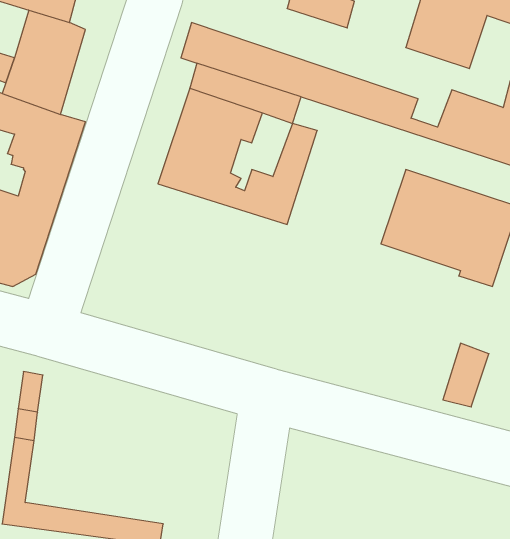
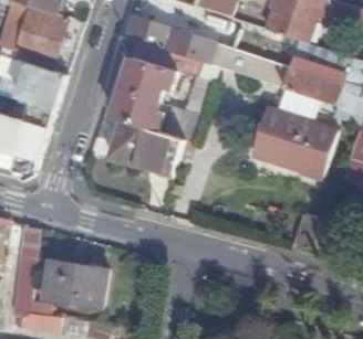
building: none -> [108,120,184,176]
building: none -> [44,263,107,310]

